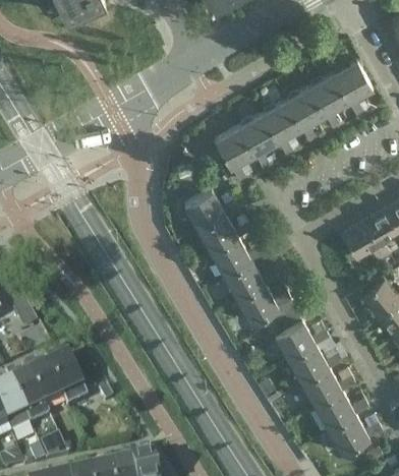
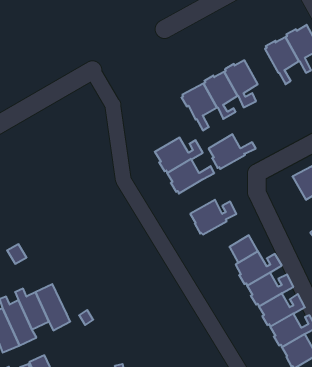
building: [285,85,324,139] -> none
building: [210,235,264,275] -> [209,134,256,169]
building: [237,283,290,322] -> none

